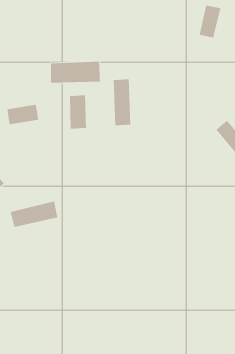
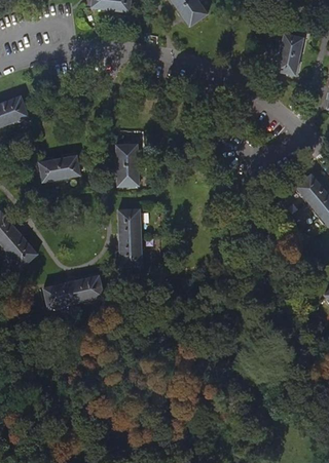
building: [51,61,101,83] -> none
building: [113,79,131,126] -> [119,208,142,266]

